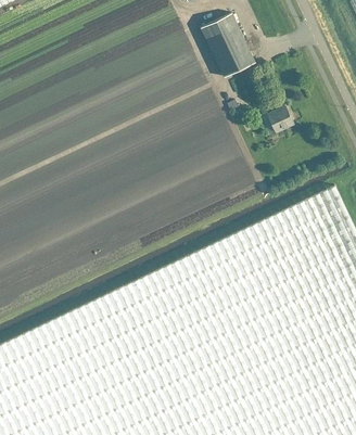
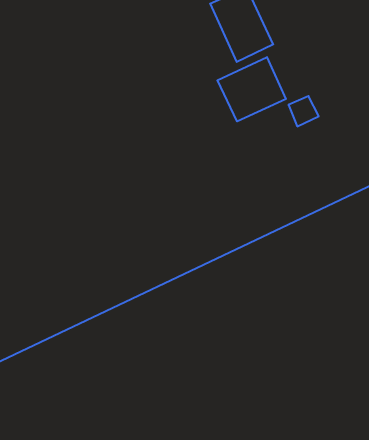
building: none -> [217,57,286,121]

